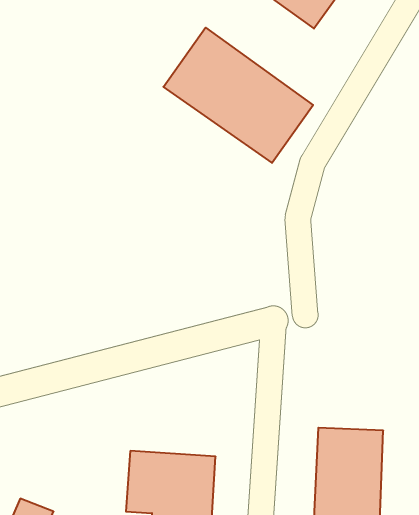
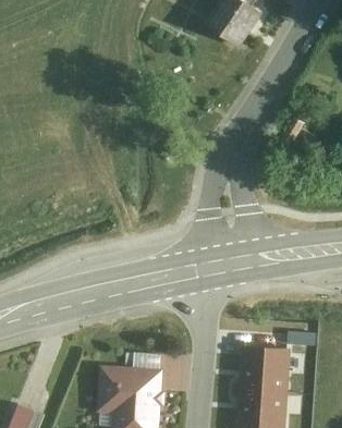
building: [163,28,313,163] -> none

